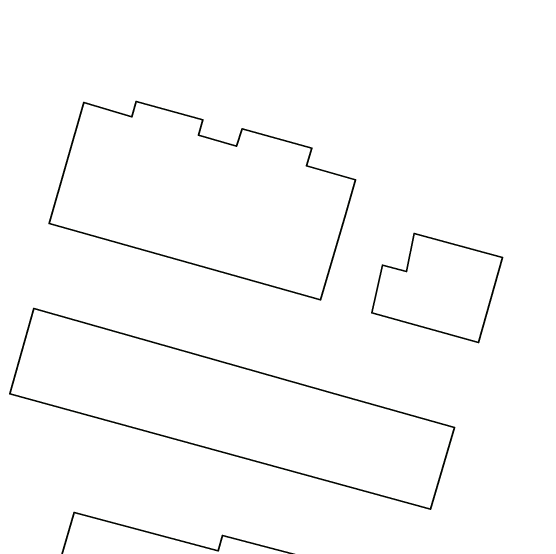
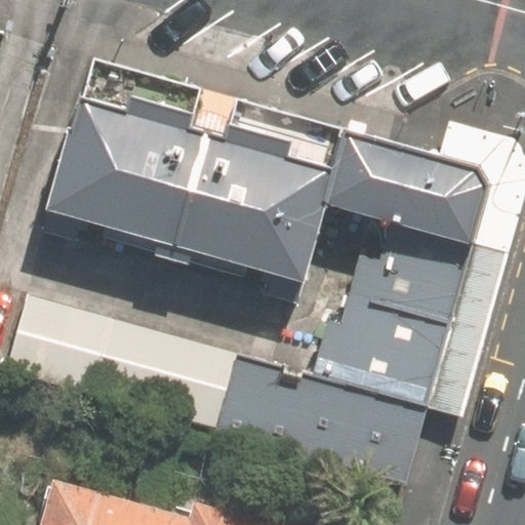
building: none -> [326,128,490,245]
building: none -> [316,297,451,405]

